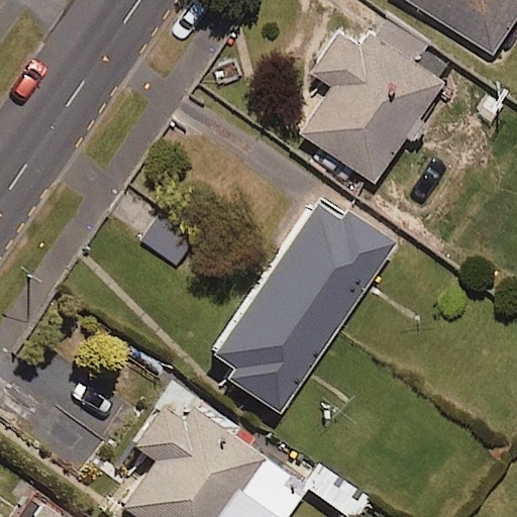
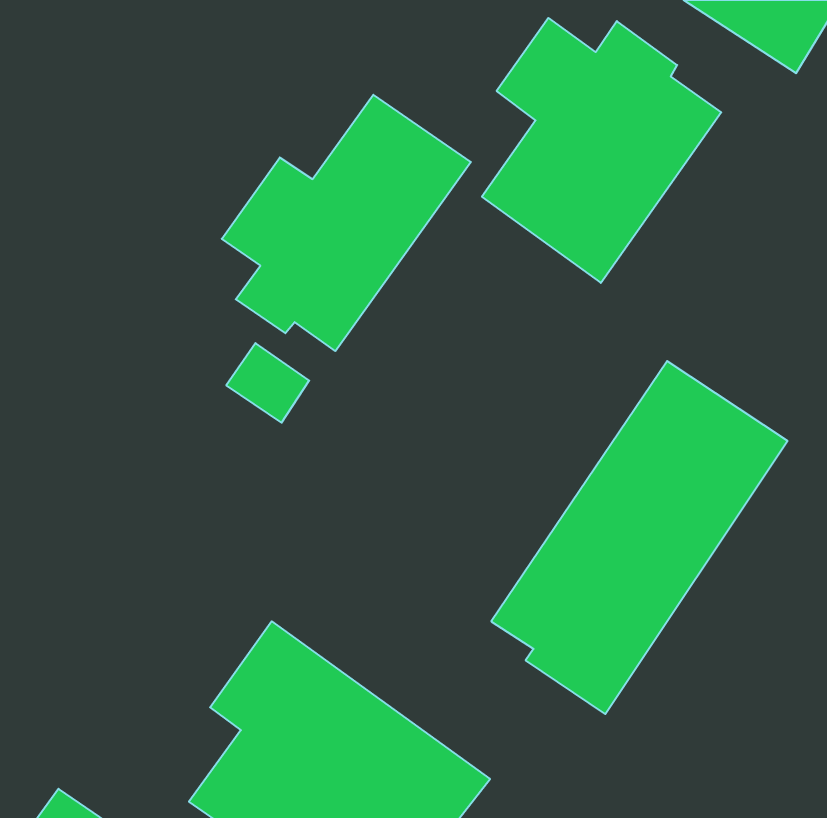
building: none -> [222,95,471,351]
building: [209,196,393,415] -> [491,361,788,714]

